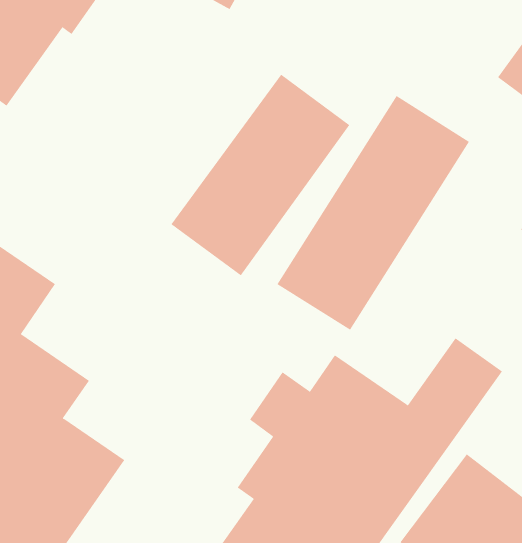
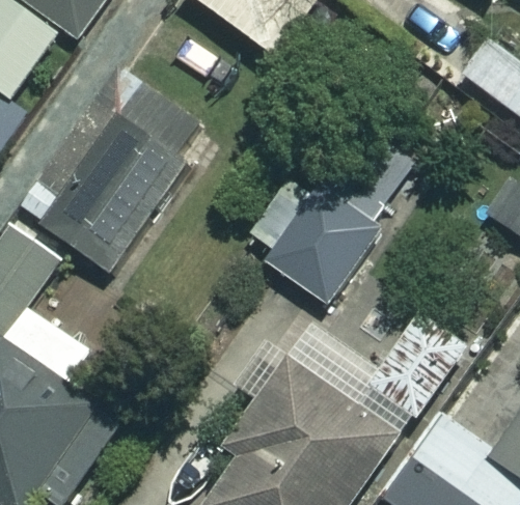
building: [171,74,350,276] -> [42,86,206,271]

